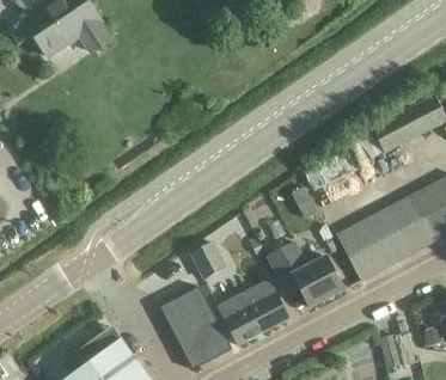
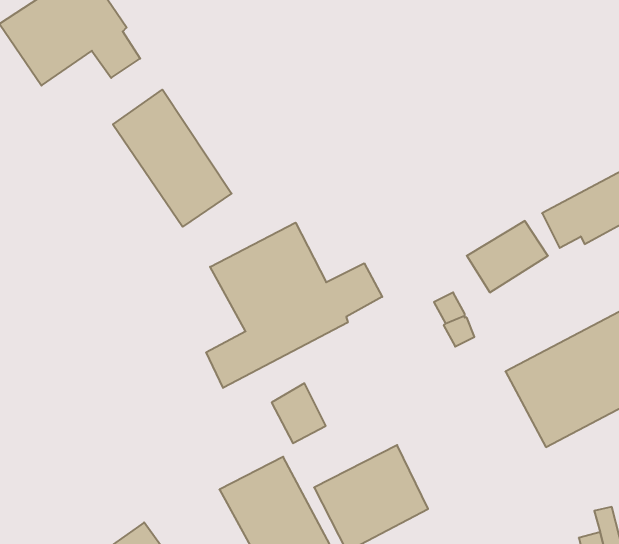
building: none -> [113,90,232,227]
building: none -> [206,223,382,388]
building: [267,244,344,307] -> none

